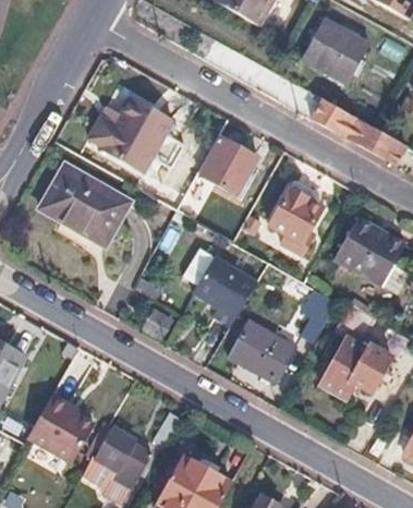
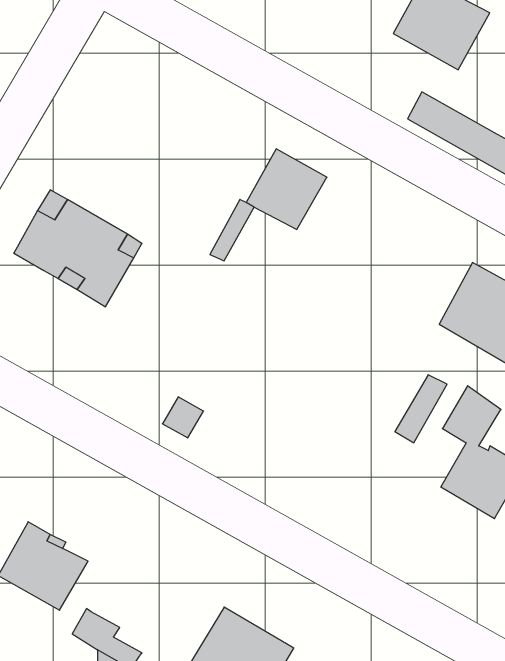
building: [82,93,169,170] -> none
building: [267,190,319,244] -> none
building: [191,256,257,328] -> none
building: [229,319,297,383] -> none
building: [94,426,147,486] -> none

